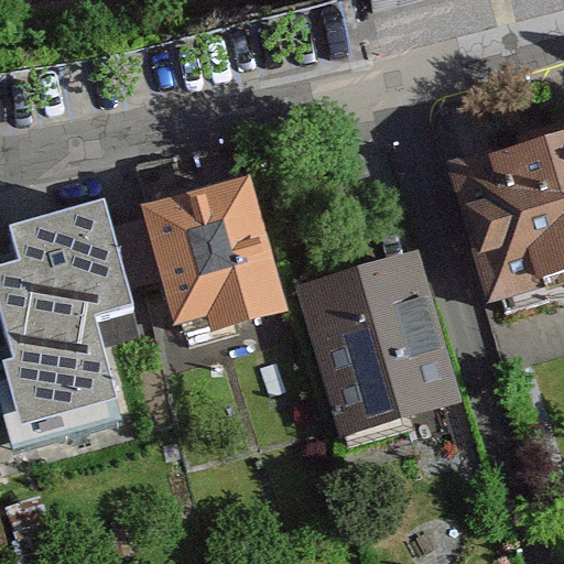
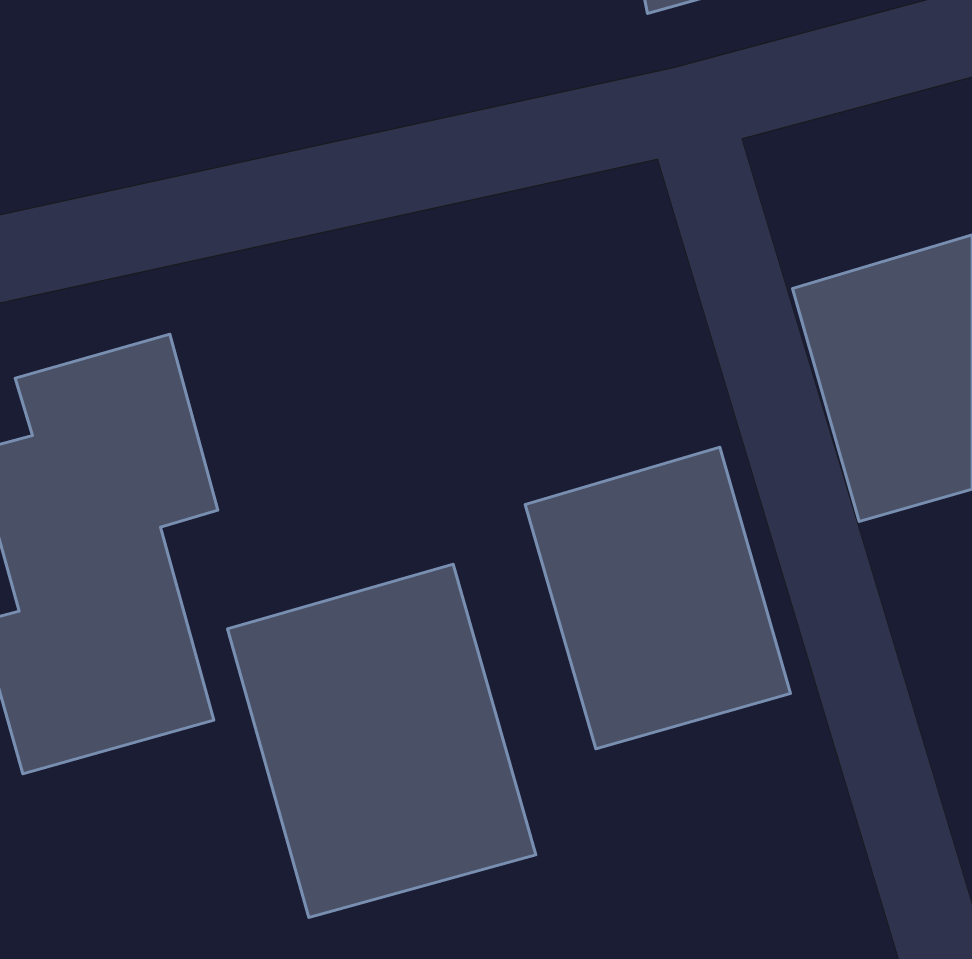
building: [147,177,286,329] -> none
building: none -> [228,564,536,918]

